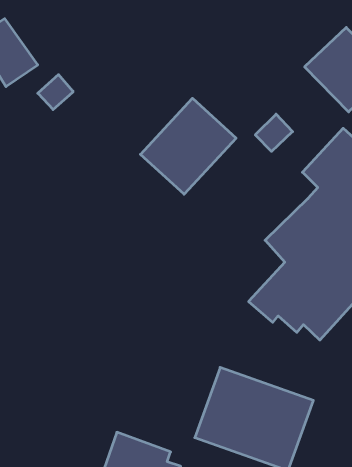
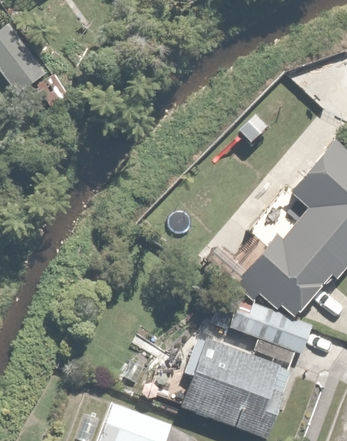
building: [140,98,236,194] -> none
building: none -> [217,304,313,362]

